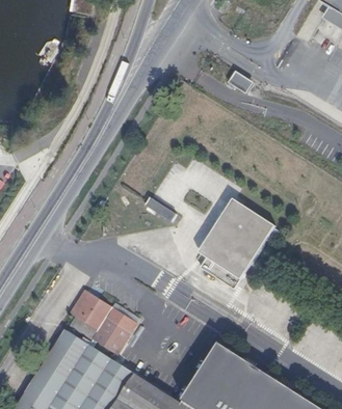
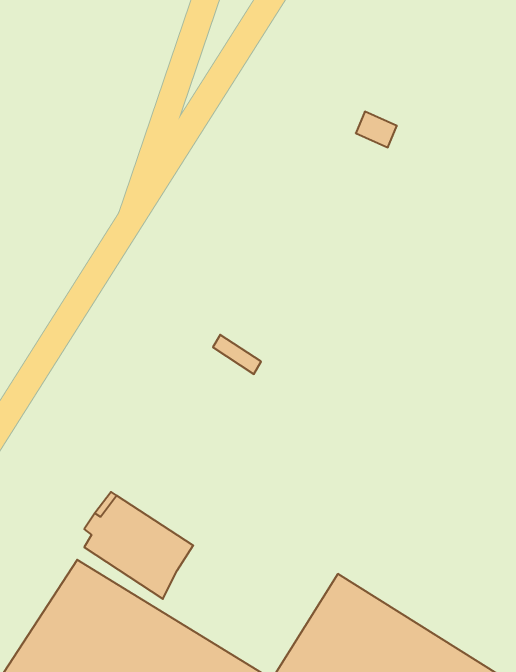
building: [198,199,277,281] -> none

